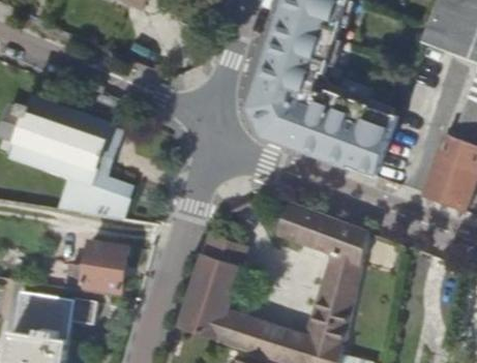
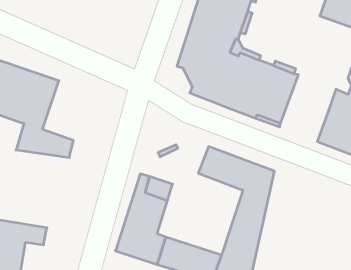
building: [88,122,129,194] -> none
building: [82,238,127,288] -> none

